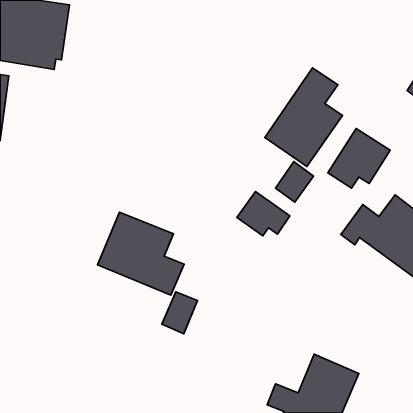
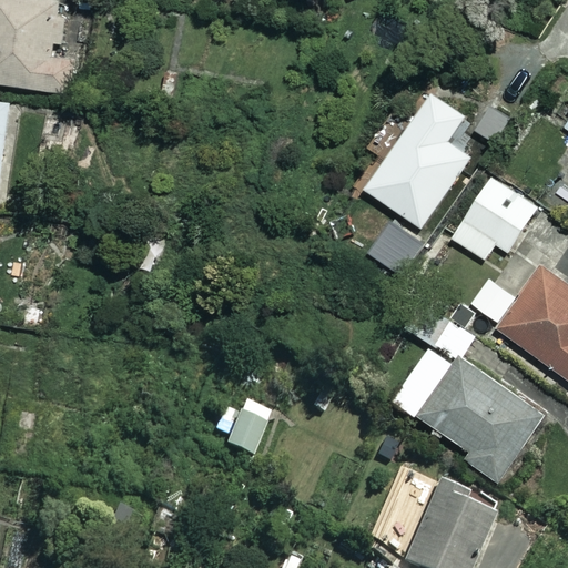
building: [237,191,290,236] -> none
building: [98,212,184,295] -> none
building: none -> [390,300,541,481]

